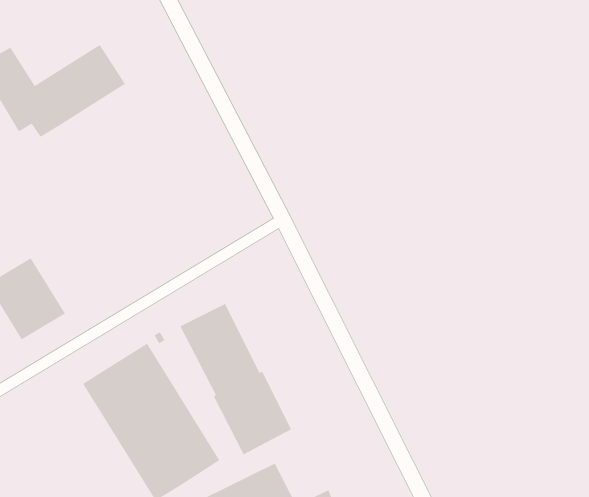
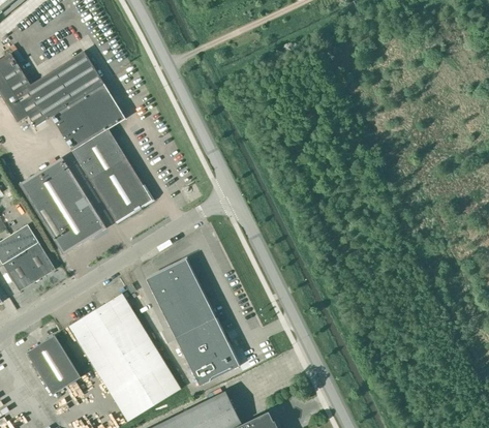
building: none -> [51,84,152,222]
building: none -> [19,157,106,255]
building: none -> [27,336,81,395]

